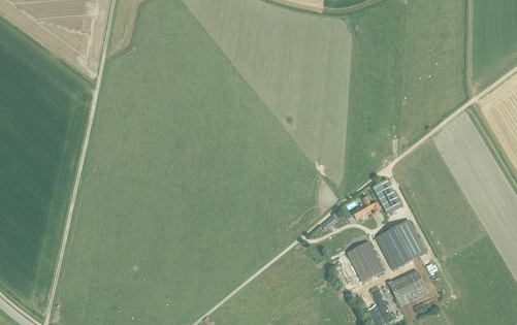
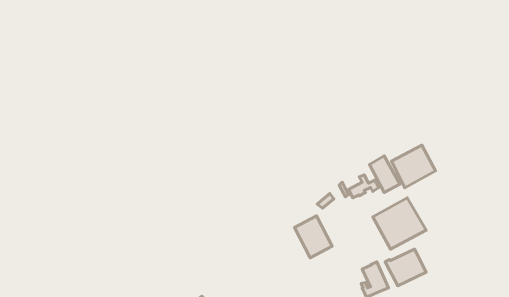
building: none -> [392,145,436,188]
building: [347,241,384,283] -> [294,216,332,258]

